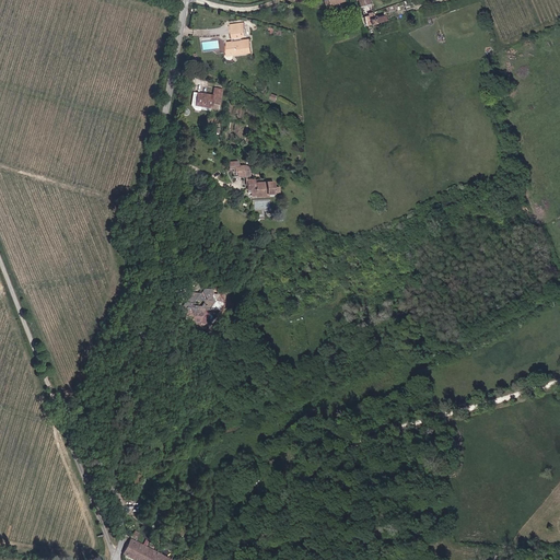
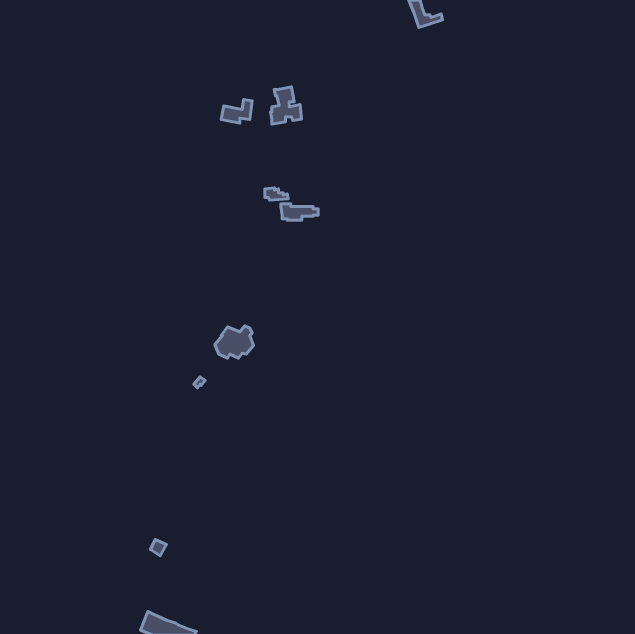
building: [225,23,253,56] -> [271,87,302,124]

